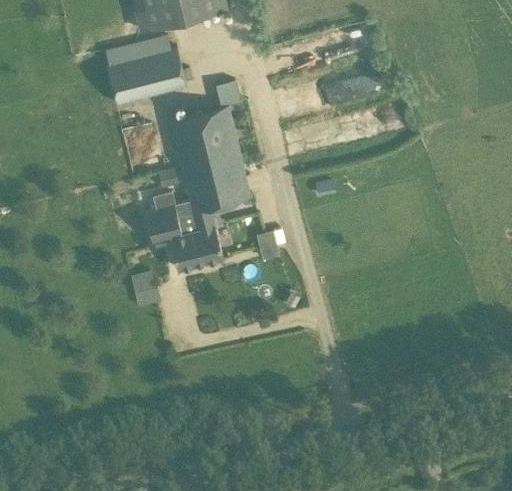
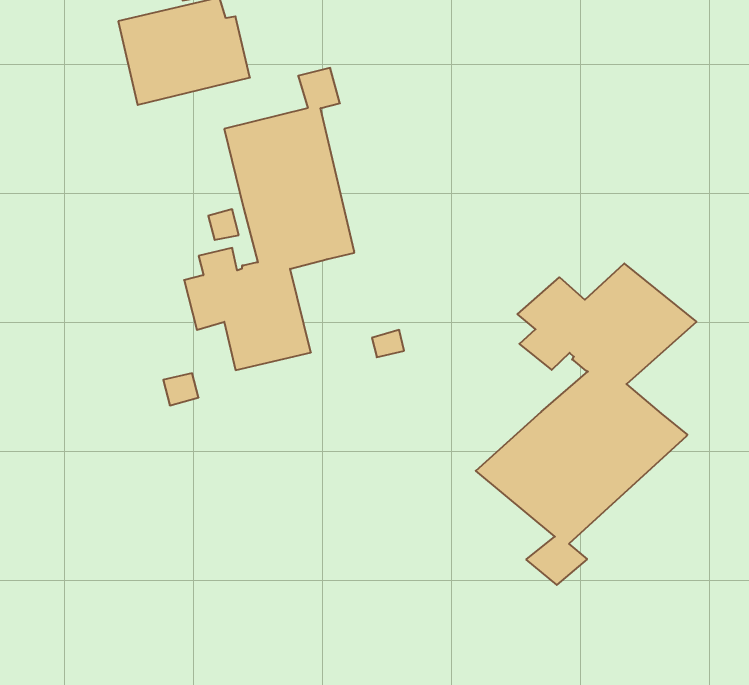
building: none -> [476,263,696,585]

